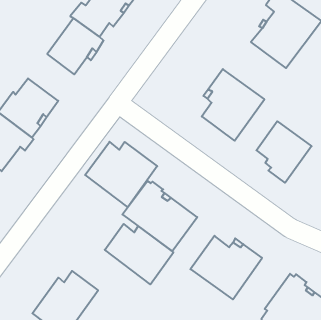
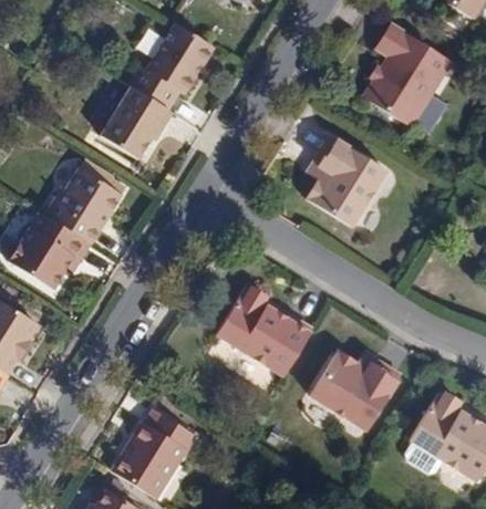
building: [256,121,312,183] -> none
building: [85,142,157,207] -> none
building: [105,224,173,284] -> none

